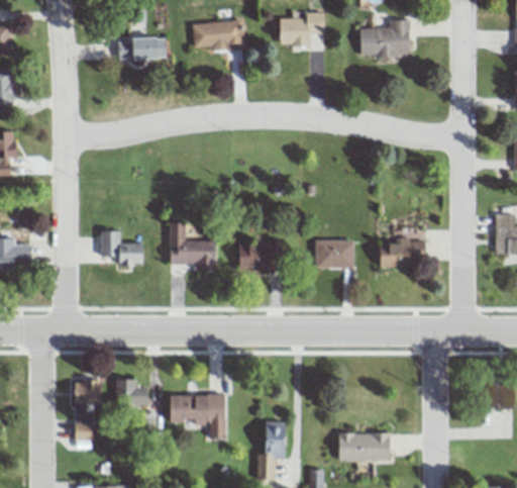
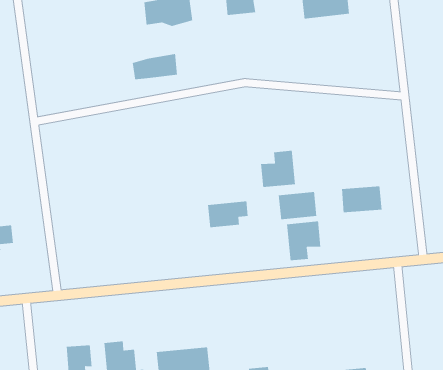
building: [117,35,165,60] -> [132,53,178,80]
building: none -> [260,150,296,188]
building: [169,223,216,271] -> none
building: [101,231,144,266] -> none
building: none -> [286,221,321,261]

